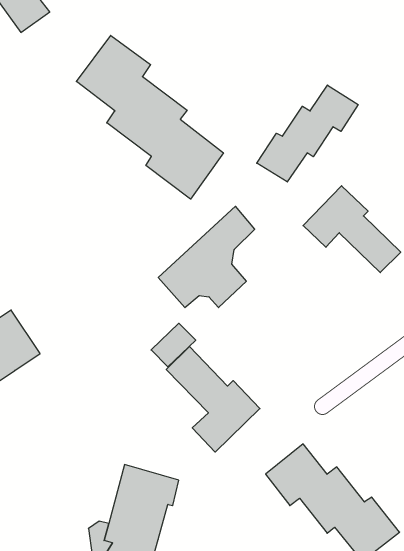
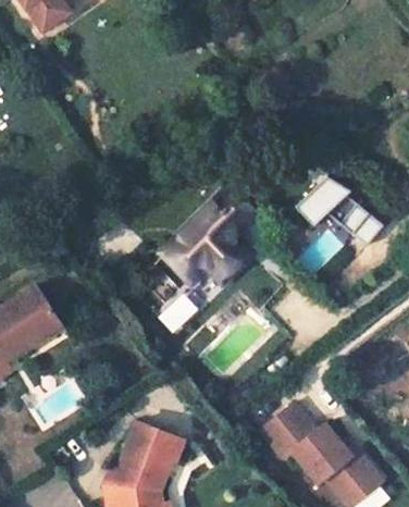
building: [76,35,223,199] -> none
building: [257,85,358,182] -> none
building: [166,347,260,452] -> none

